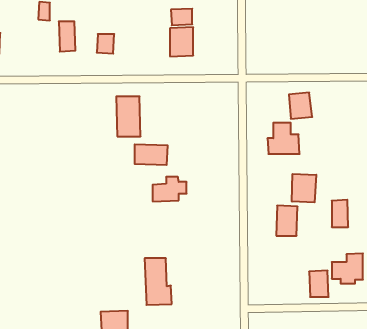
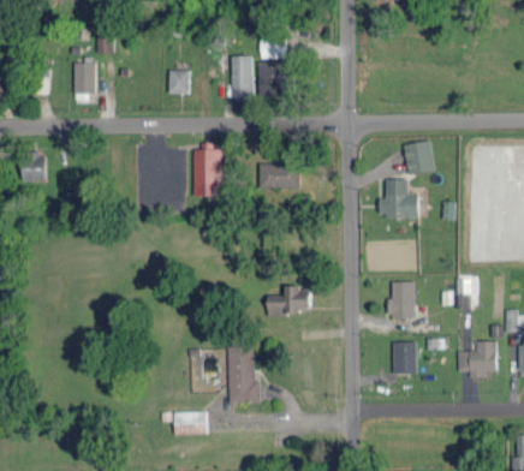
building: [59,21,75,52] -> [73,62,94,100]
building: none -> [231,55,254,101]
building: [135,144,168,165] -> [260,163,300,189]
building: [292,174,316,202] -> none
building: [153,177,187,201] -> [268,286,310,316]
building: [309,271,329,297] -> [393,341,417,374]

